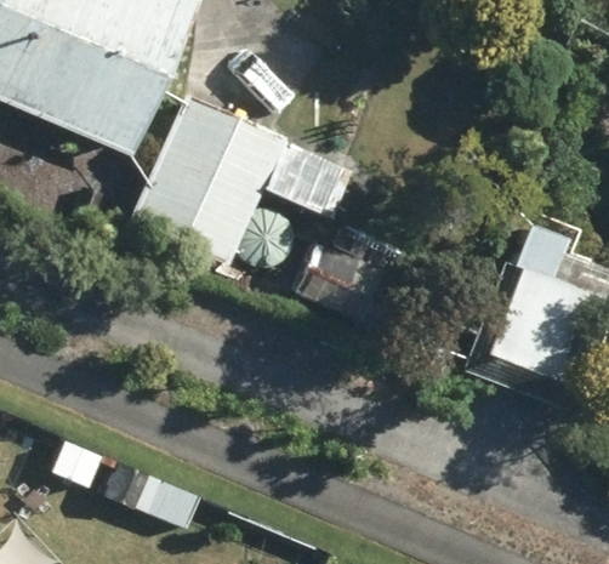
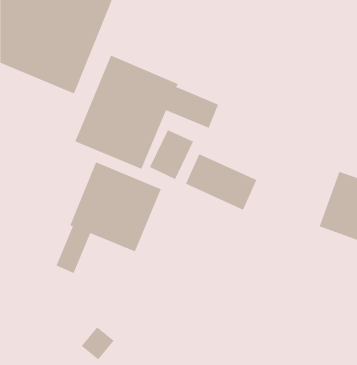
building: none -> [56,162,161,274]

